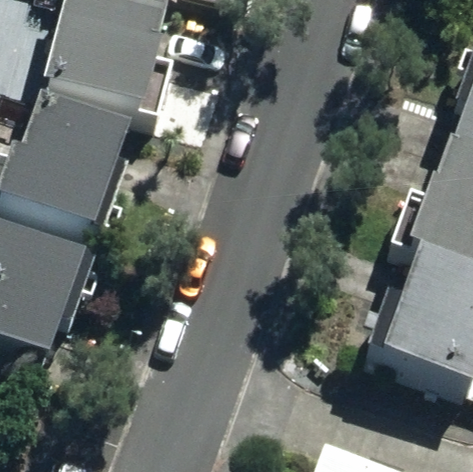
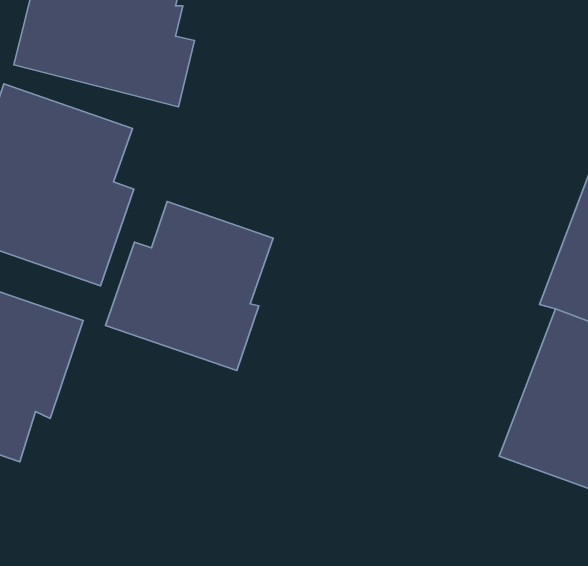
building: none -> [106,202,273,371]

